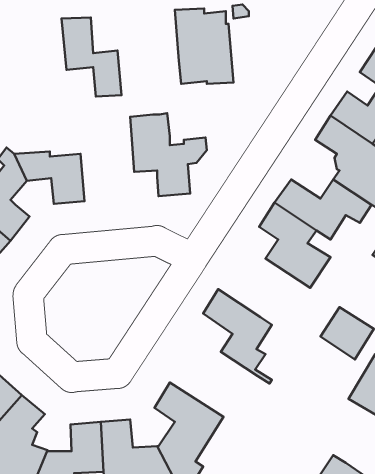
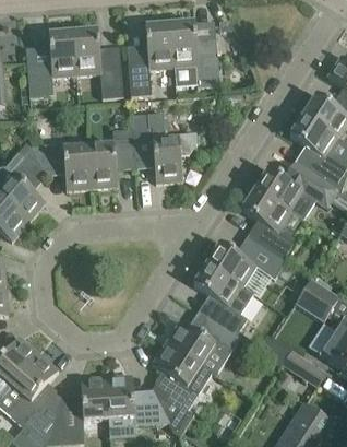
building: none -> [128,22,172,94]
building: none -> [26,30,76,95]
building: none -> [88,129,134,186]
building: none -> [206,235,285,295]
building: none -> [165,315,240,374]
building: none -> [283,349,325,386]

